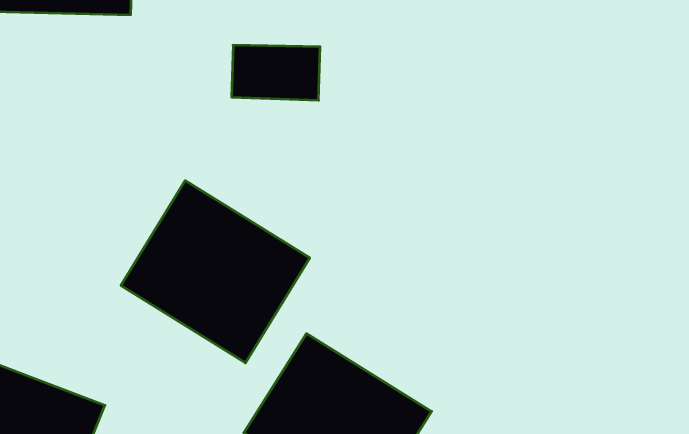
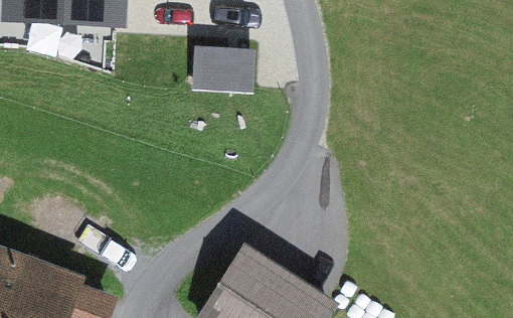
building: [121,181,310,363] -> none

